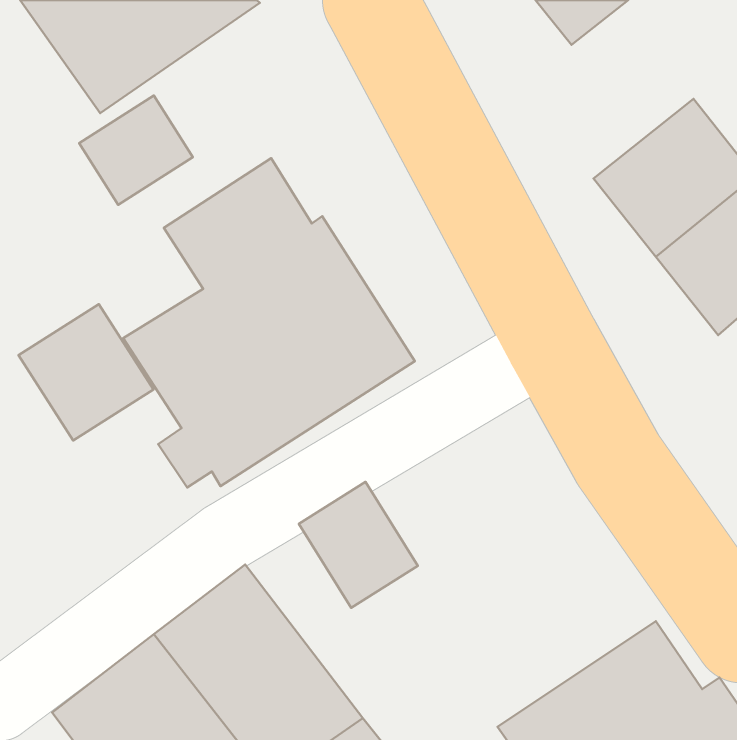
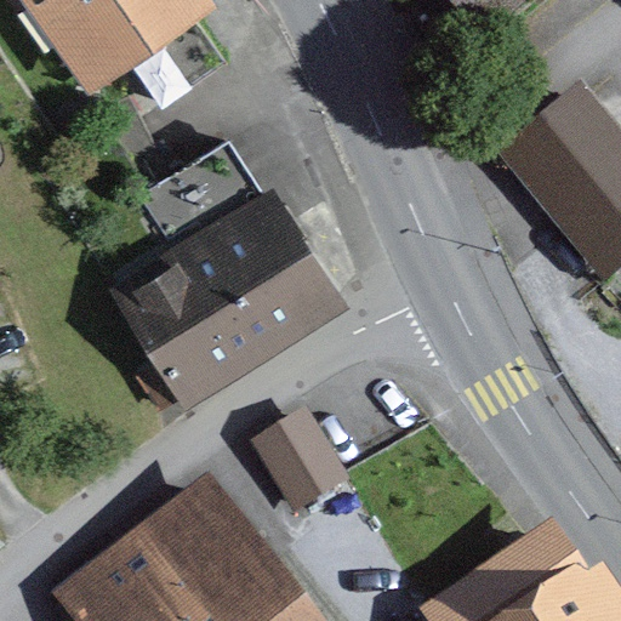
building: [79,95,193,205] -> none
building: [18,304,154,440] -> none

